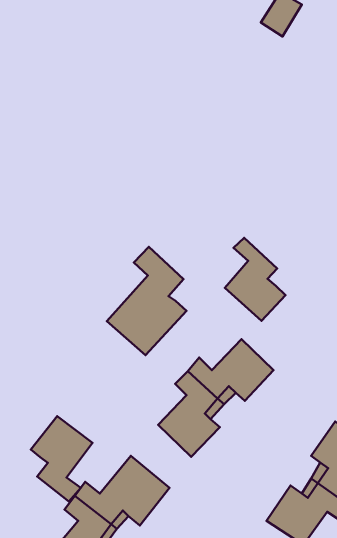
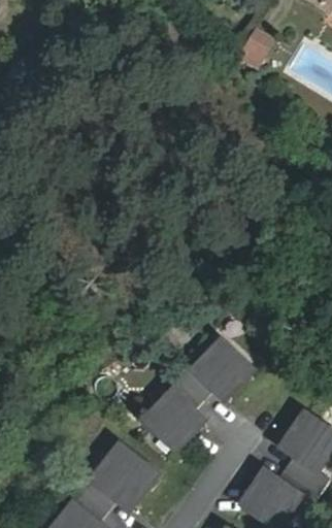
building: [225,238,285,321] -> none
building: [107,247,187,355] -> none
building: [31,416,93,501] -> none

